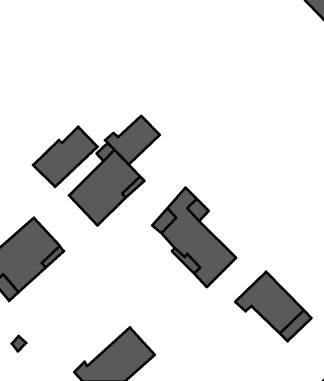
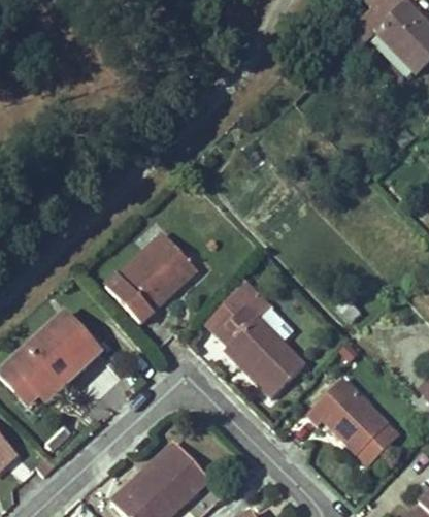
building: [105,116,160,165] -> none
building: [33,127,98,187] -> none

